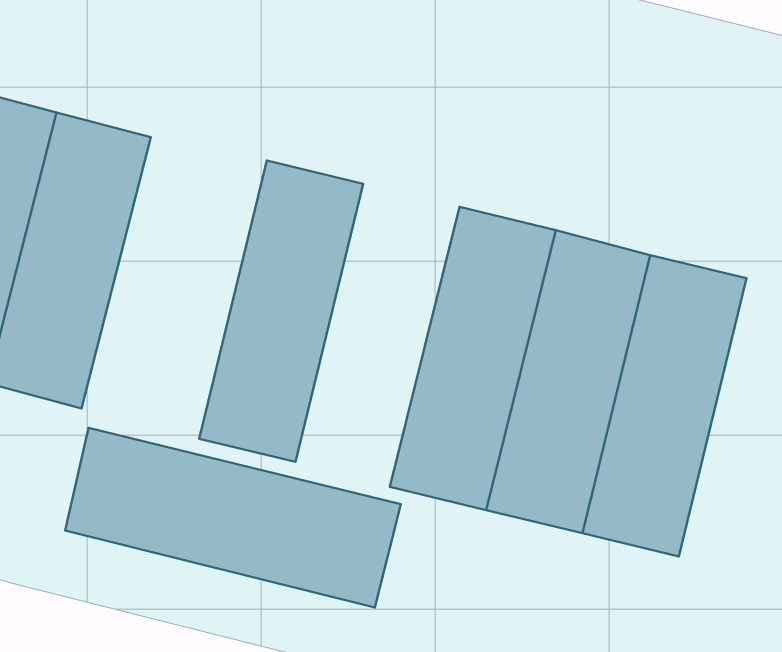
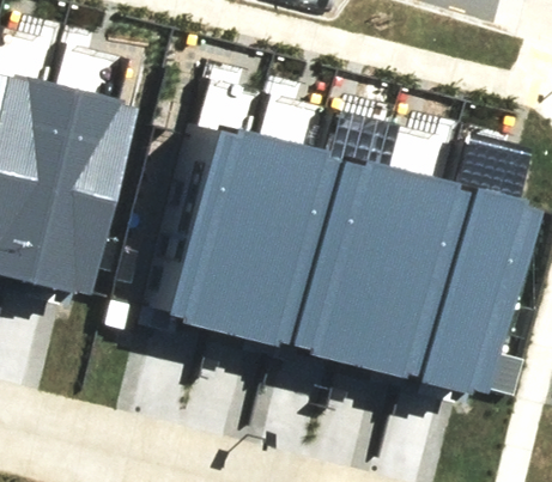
building: none -> [223,141,333,344]
building: [65,428,401,607] -> none

